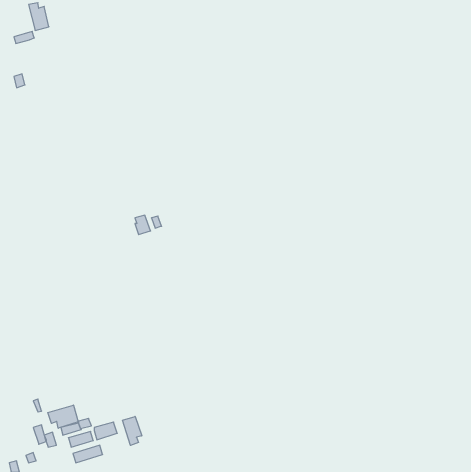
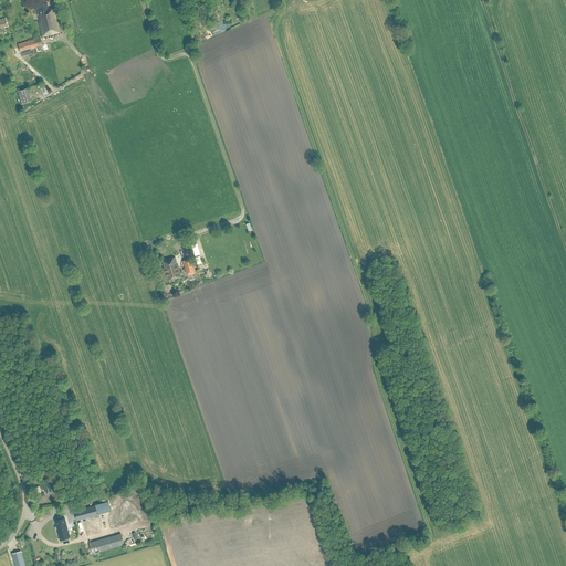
building: [48,405,78,428] -> none
building: [122,416,142,445] -> none

